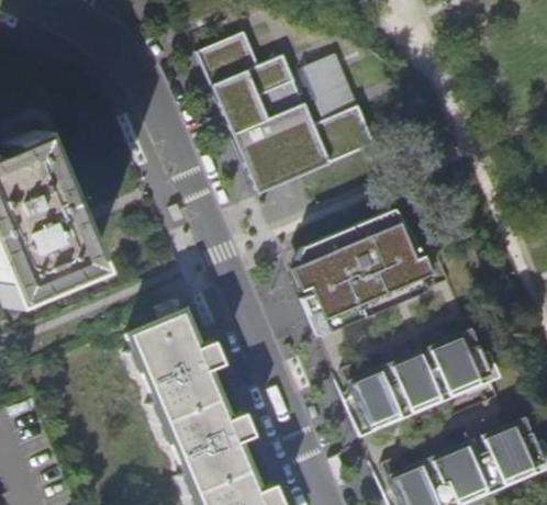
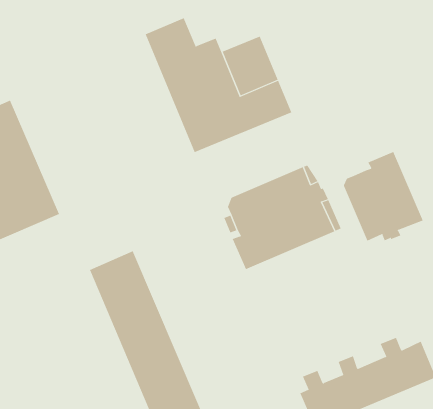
building: none -> [343,151,423,242]
building: [345,332,495,436] -> none

